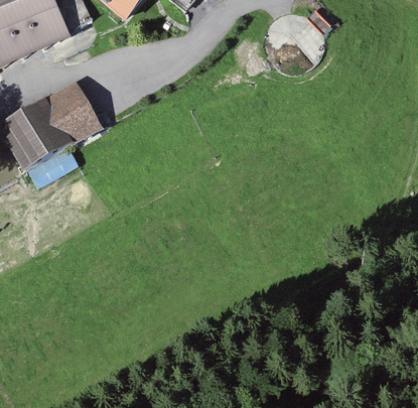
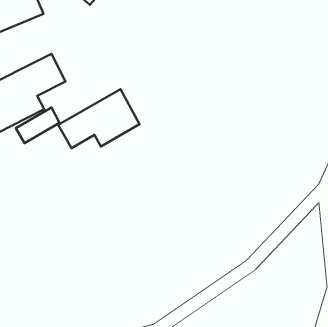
building: none -> [58,89,140,148]

